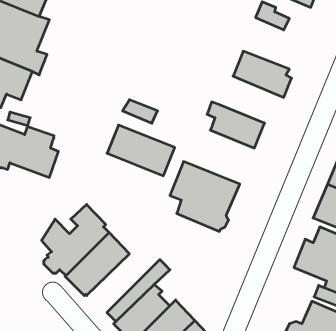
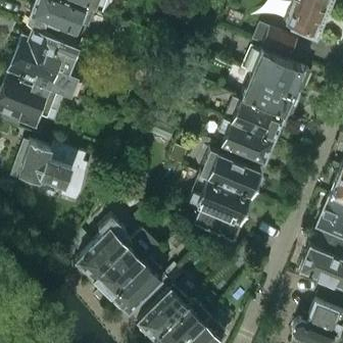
building: none -> [252,55,307,94]
building: none -> [224,103,281,143]
building: [107,125,175,176] -> [198,152,259,198]
building: none -> [110,261,165,315]

